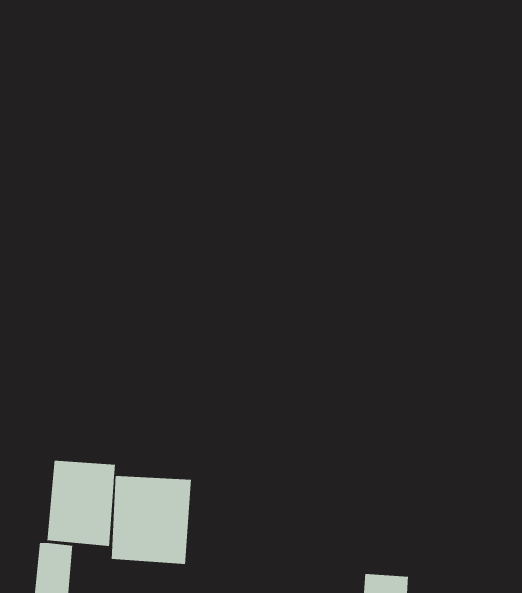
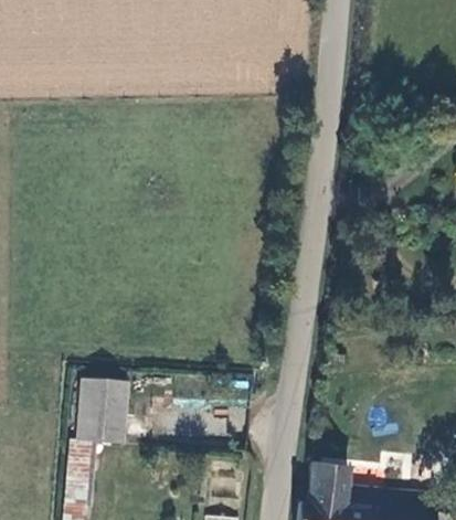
building: [111,475,192,565] -> none

